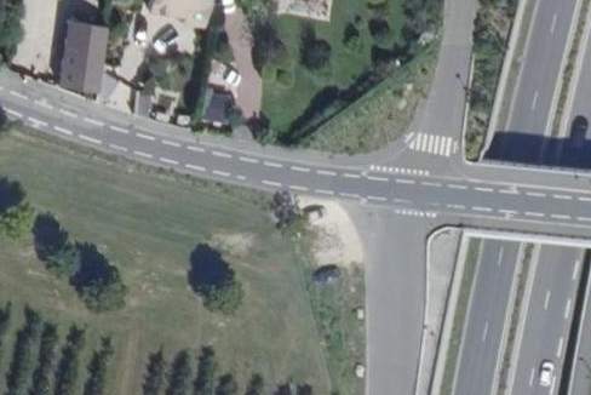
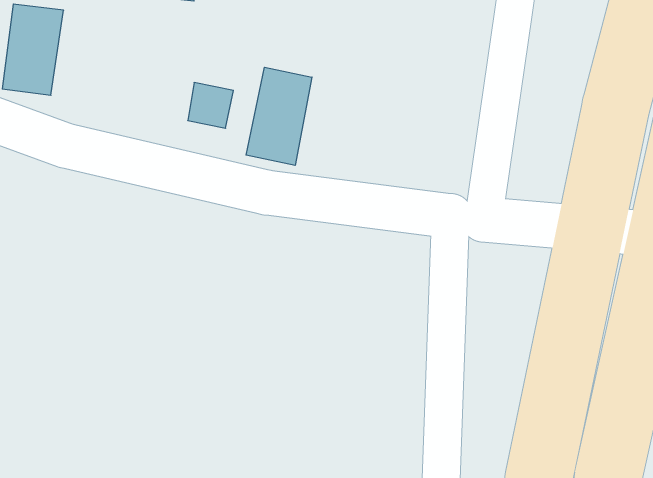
building: none -> [246,67,312,165]

